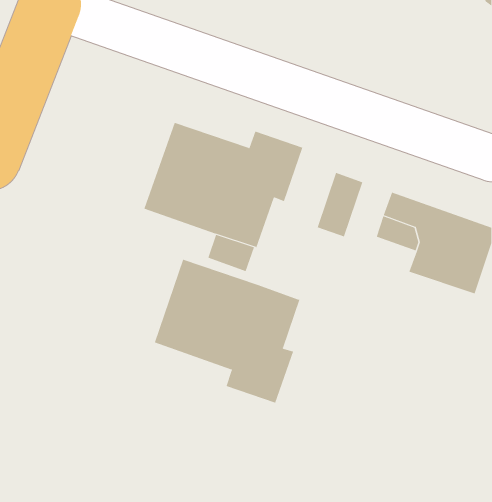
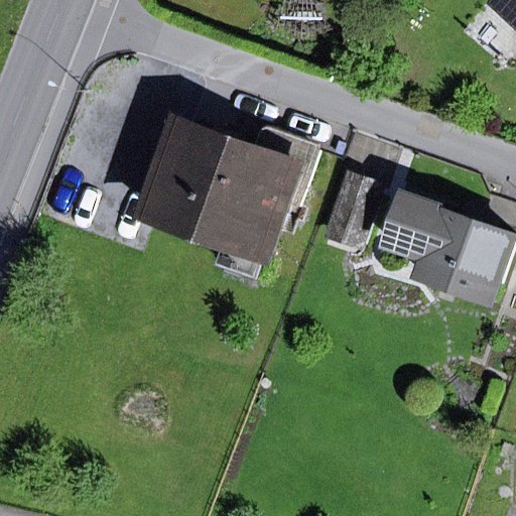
building: [154,259,300,404] -> none

